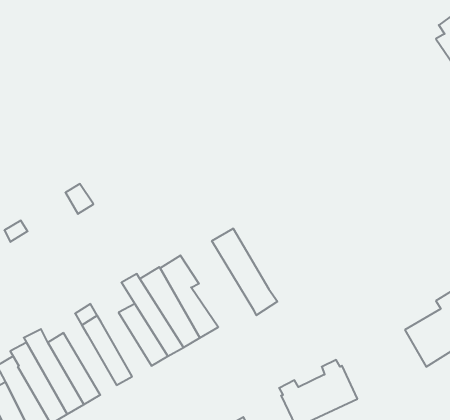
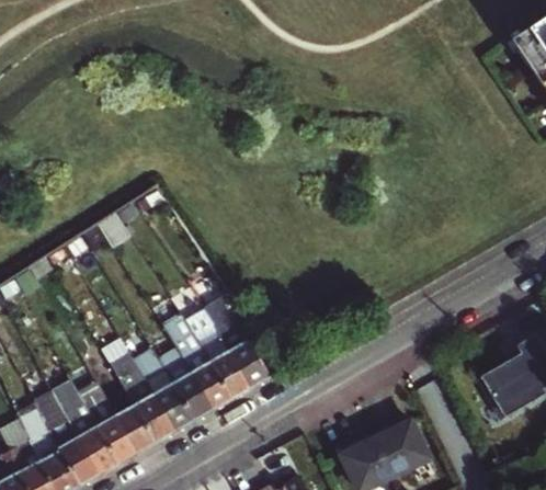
building: [212,228,277,315] -> none
building: none -> [137,360,194,432]
building: none -> [94,379,155,453]

